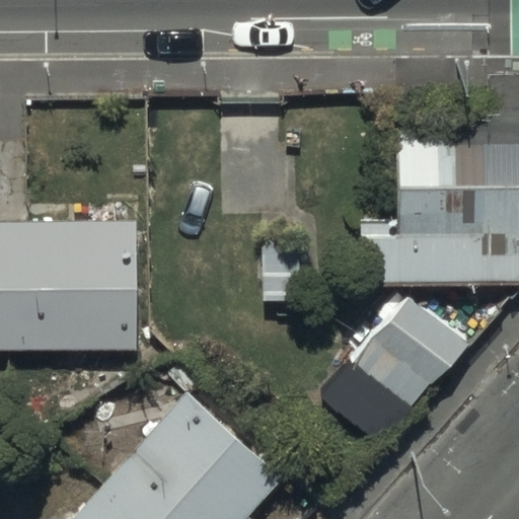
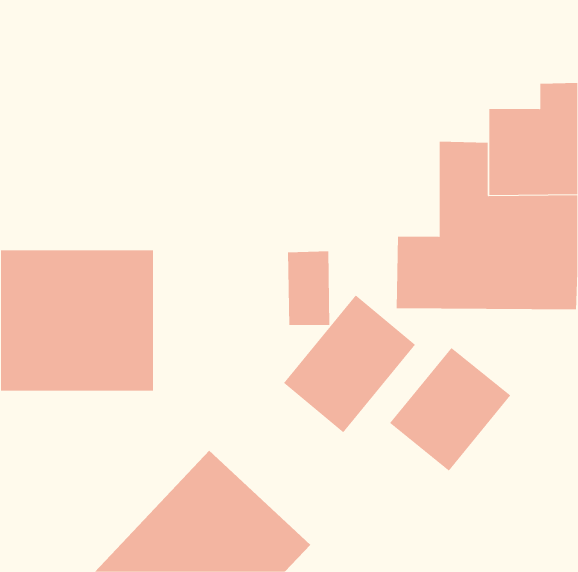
building: none -> [283,295,416,433]

